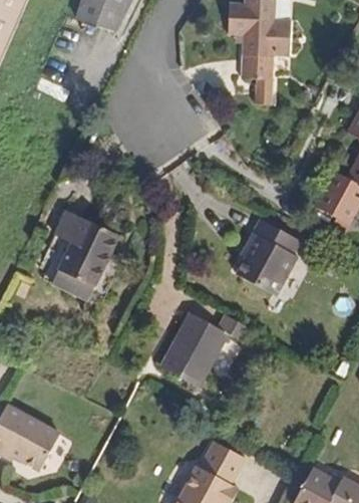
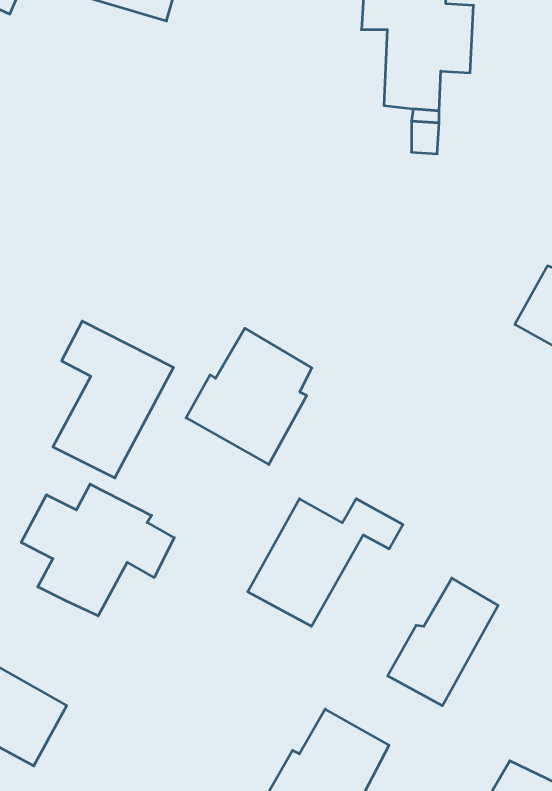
building: [236,224,309,303] -> [186,328,312,465]
building: none -> [21,484,174,616]
building: none -> [388,578,498,706]

